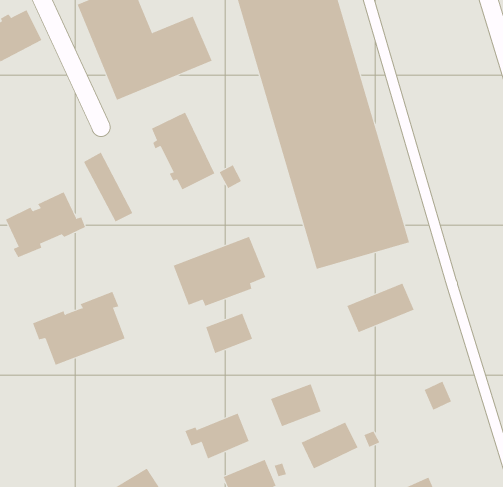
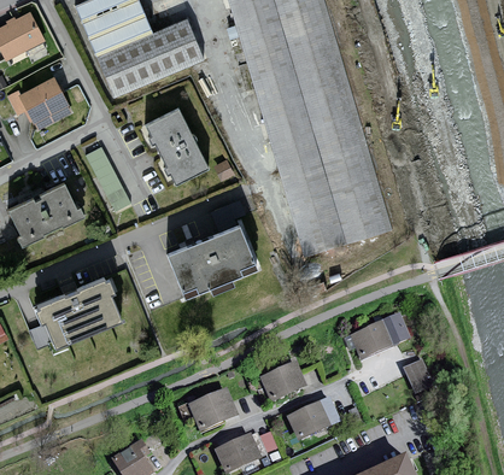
building: none -> [17,76,70,123]
building: [346,283,414,333] -> [348,315,412,362]
building: [205,313,253,354] -> none

